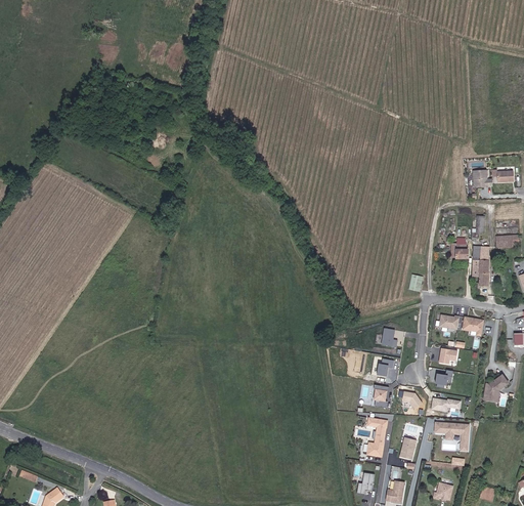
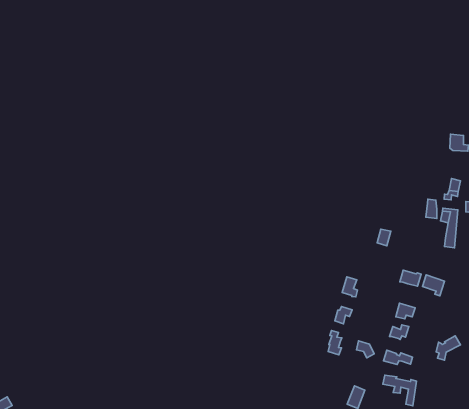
building: [366,418,387,457] -> none

